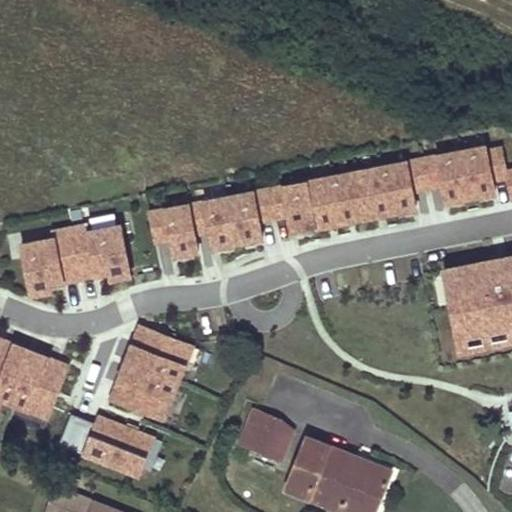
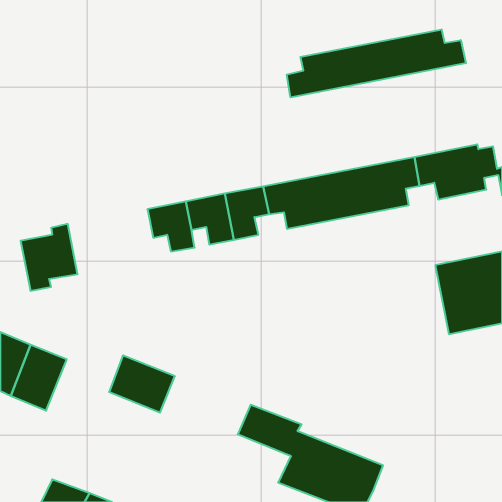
building: none -> [287,29,466,97]
building: [69,225,131,280] -> none
building: [125,325,193,383] -> none
building: [59,414,154,475] -> none

